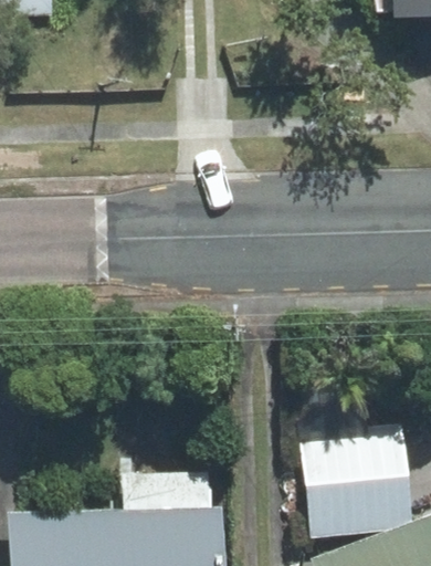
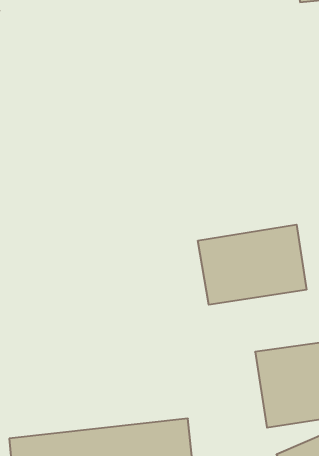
building: none -> [198,225,306,305]

